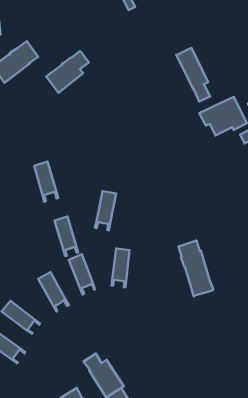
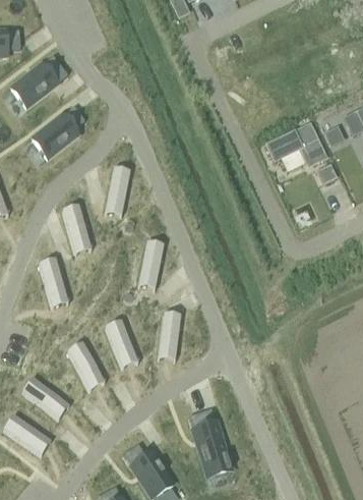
building: [176,48,210,102] -> none
building: [46,51,89,93] -> [32,107,84,159]
building: none -> [104,169,130,218]
building: [54,217,78,256] -> [39,260,68,309]
building: [179,241,213,296] -> [188,409,231,479]

